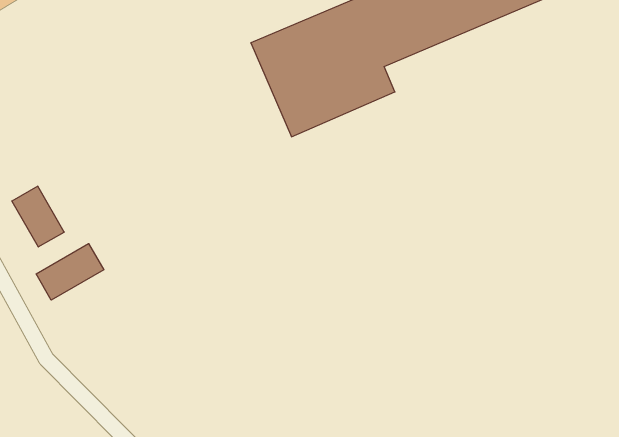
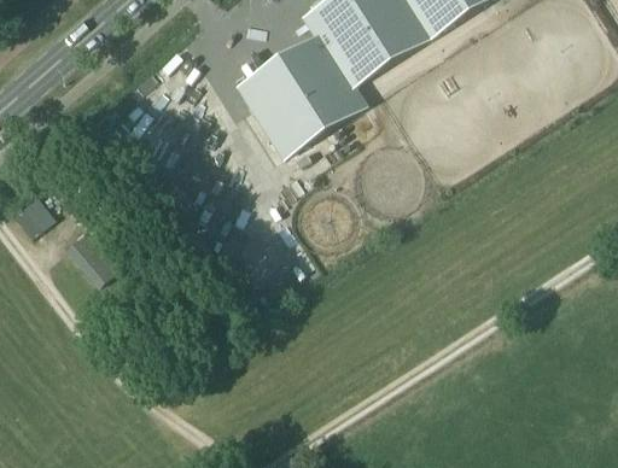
building: [36,244,104,300] -> none

